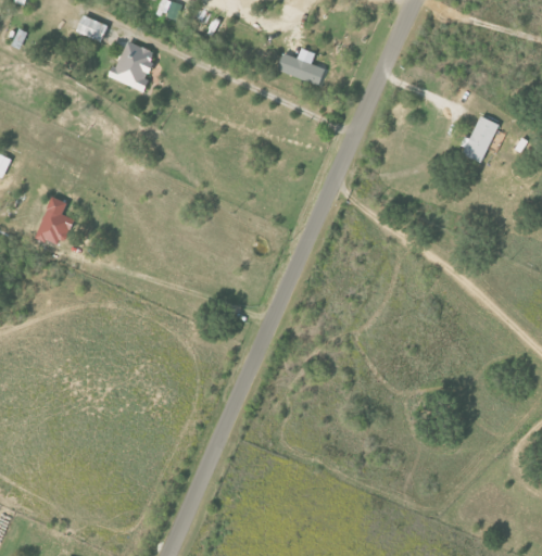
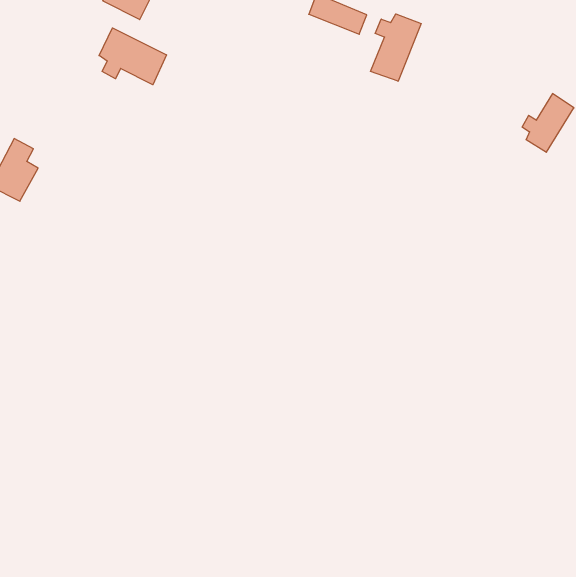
building: none -> [371,14,421,81]
building: none -> [99,28,166,85]

